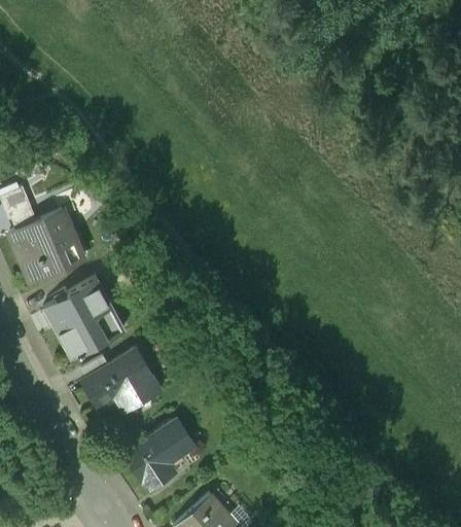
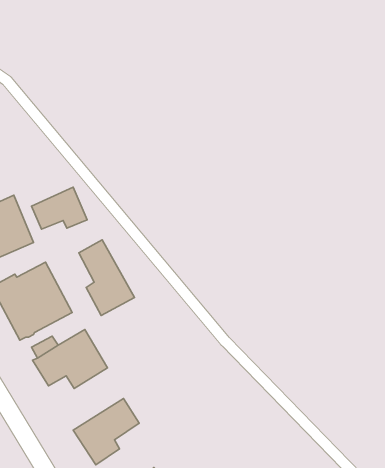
building: none -> [31,187,87,229]
building: none -> [79,240,135,315]

